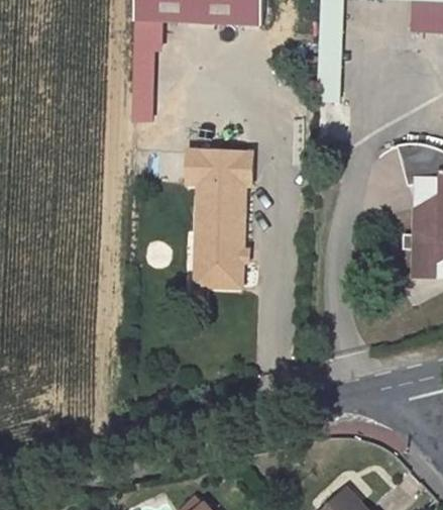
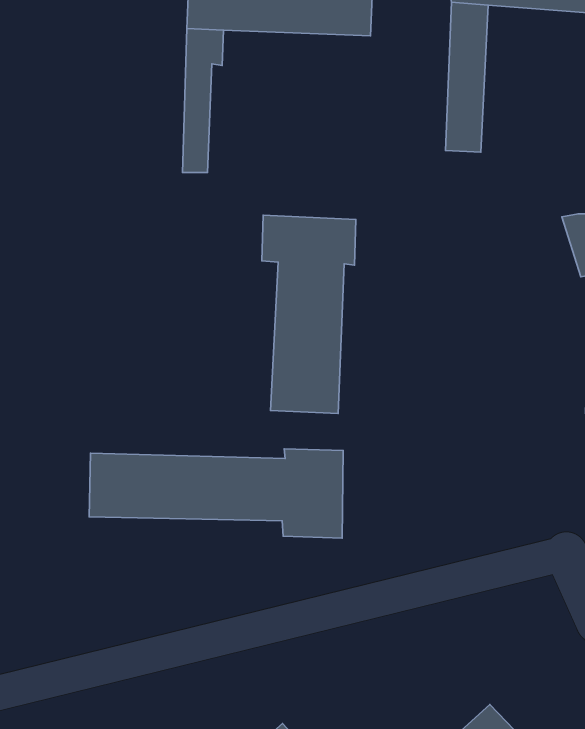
building: none -> [89,449,343,538]

